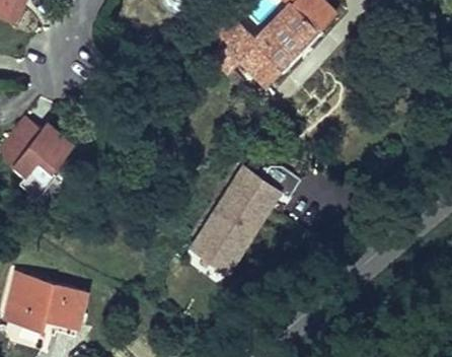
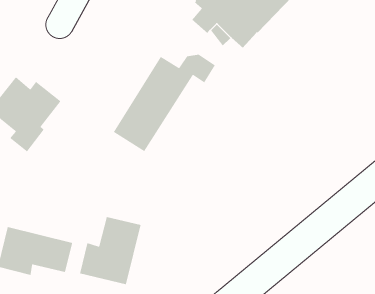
building: [194,168,303,273] -> [113,54,216,152]
building: none -> [79,216,141,285]

